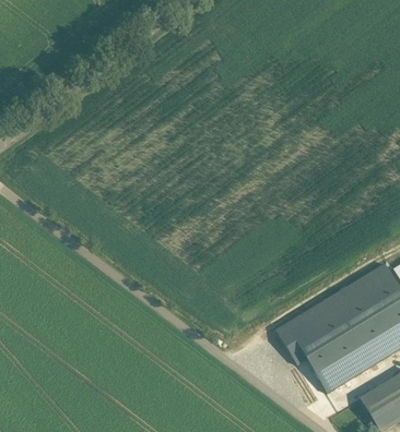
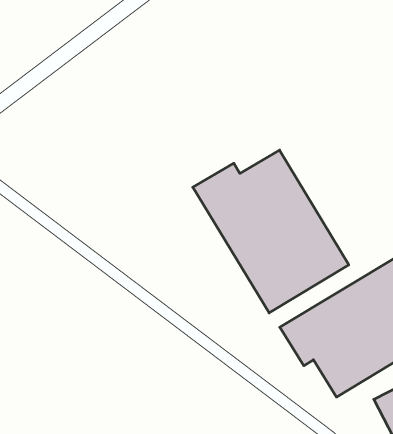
building: none -> [193,150,349,313]

